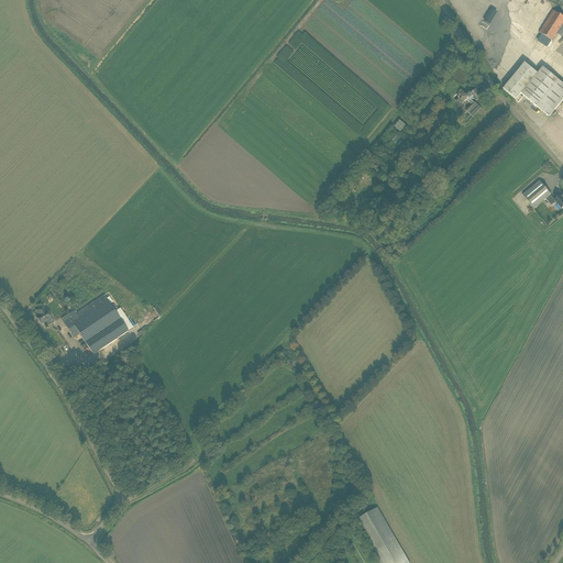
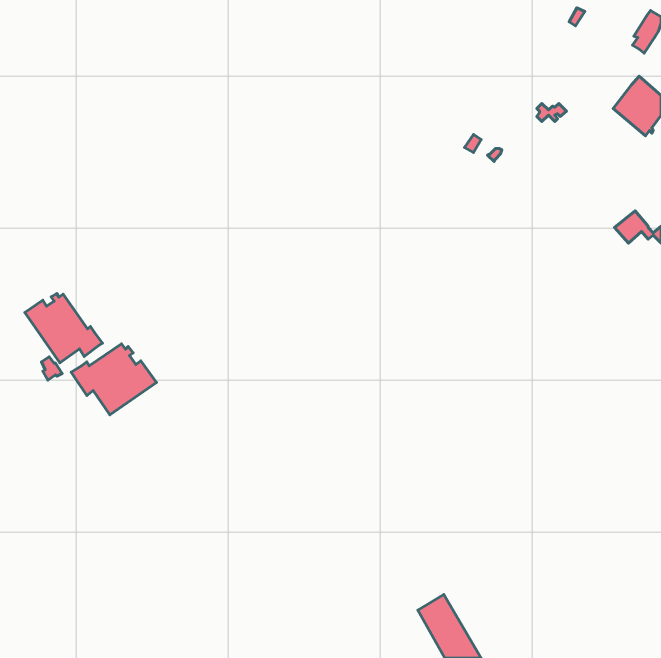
building: [504,62,537,98] -> none
building: none -> [25,294,102,363]

